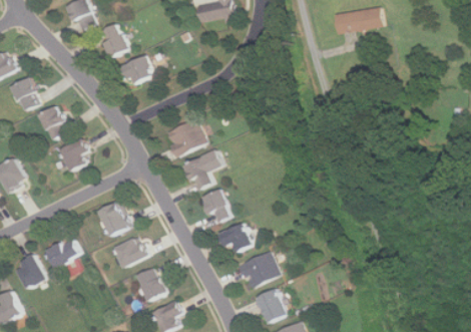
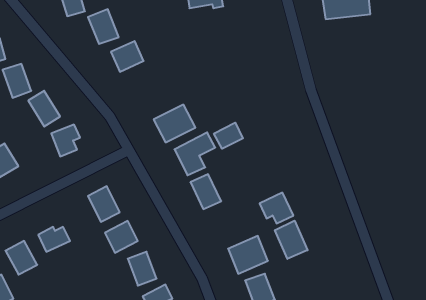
building: none -> [214,123,243,149]
building: [217,222,252,253] -> [260,193,293,223]
building: none -> [275,221,308,259]

